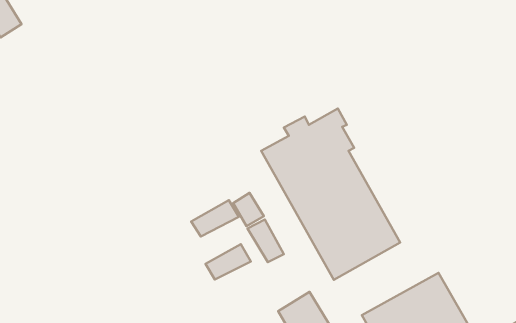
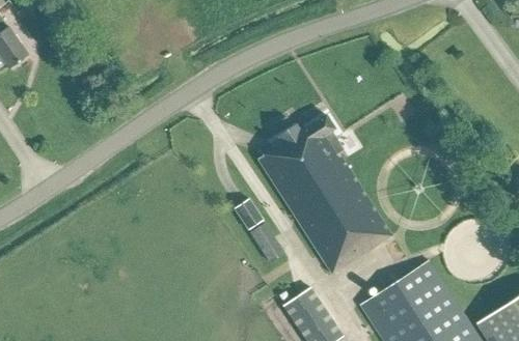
building: [191,200,239,237] -> none
building: [205,244,251,279] -> none

